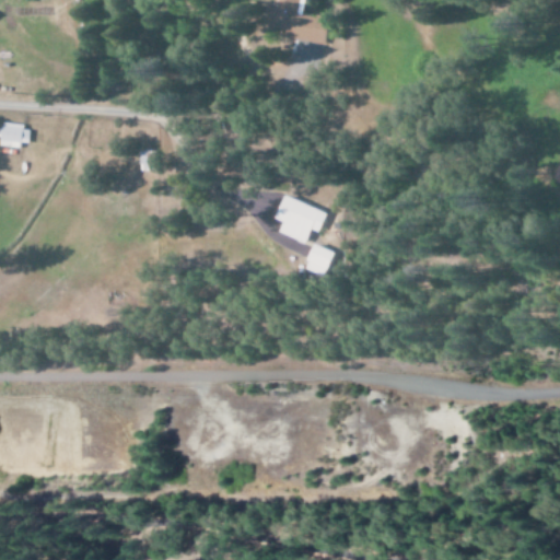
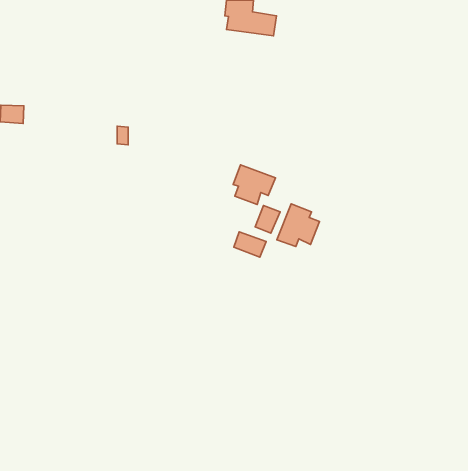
building: none -> [277,204,320,246]
building: none -> [234,232,266,257]

